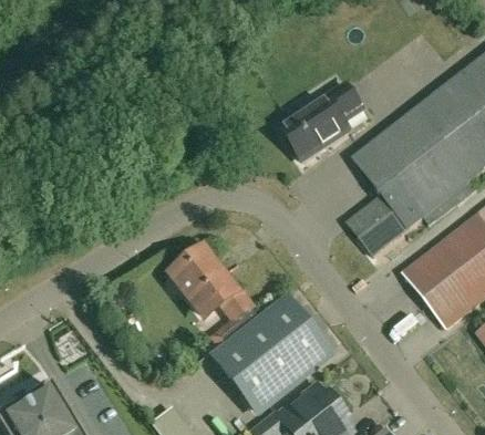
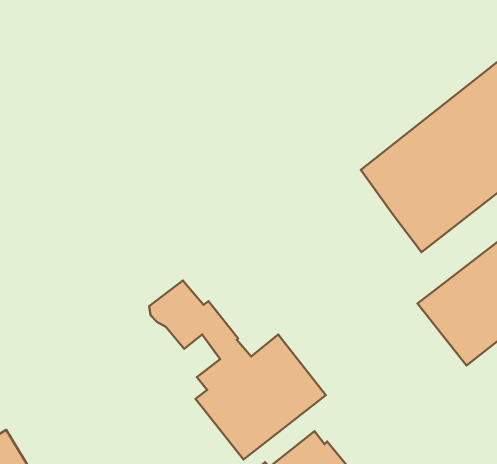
building: [280,82,363,158] -> none
building: [349,196,406,255] -> none

